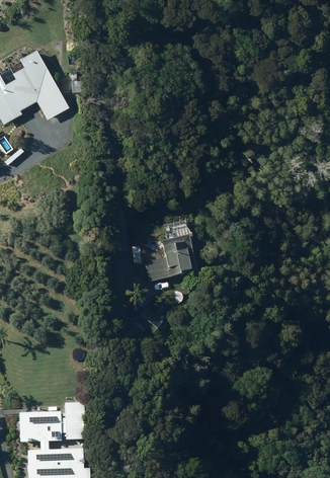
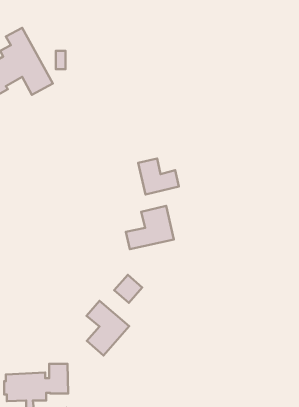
building: none -> [138,159,179,195]
building: none -> [86,301,129,355]

